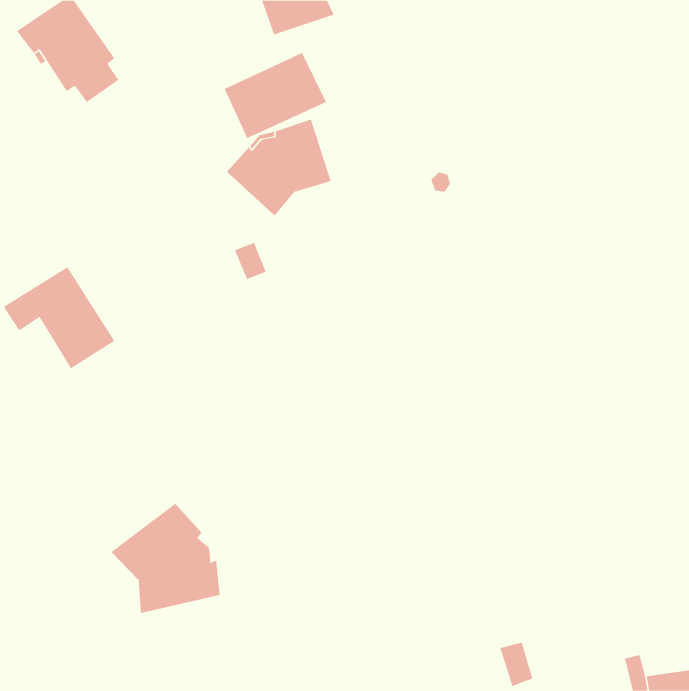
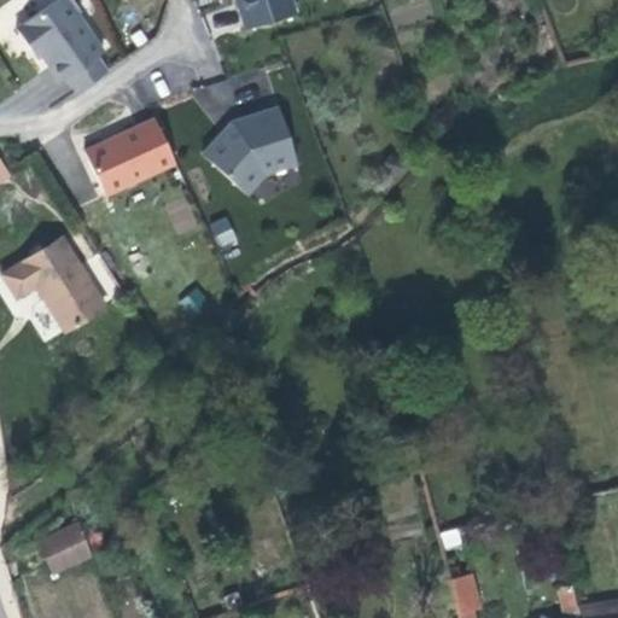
building: [224,52,327,139] -> [86,118,177,196]
building: [110,503,220,614] -> none
building: none -> [41,523,93,571]

